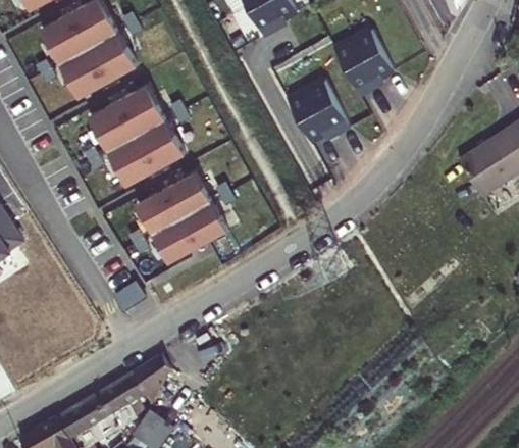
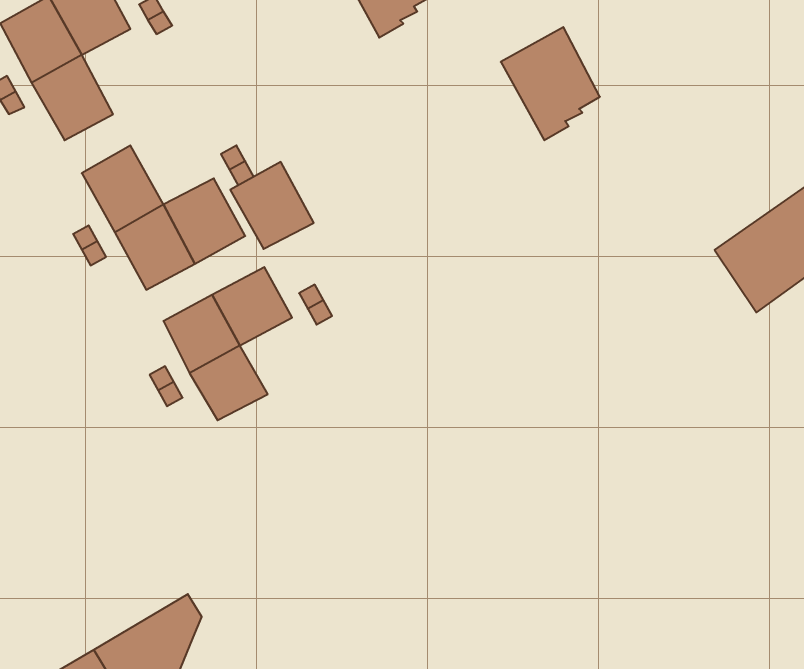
building: [88,32,136,82] -> none
building: [287,82,348,142] -> none
building: [116,84,165,135] -> [230,162,314,249]
building: [180,201,226,246] -> none

